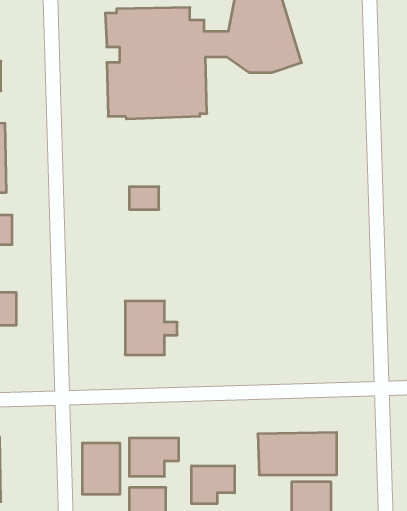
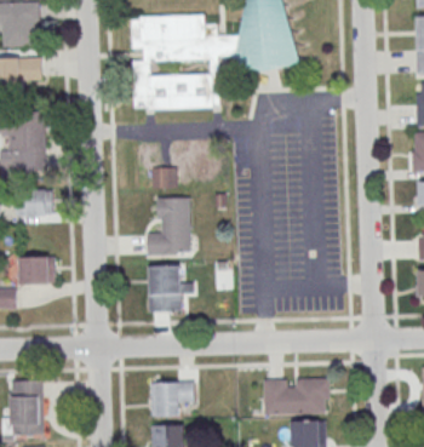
building: none -> [148,197,191,254]
building: [82,443,120,494] -> none
building: [192,466,235,504] -> none

